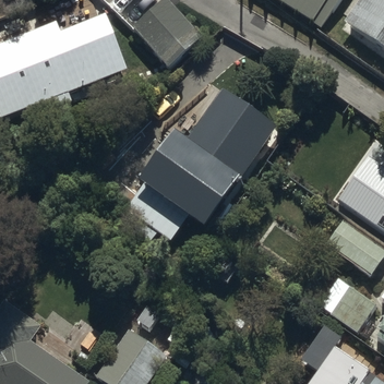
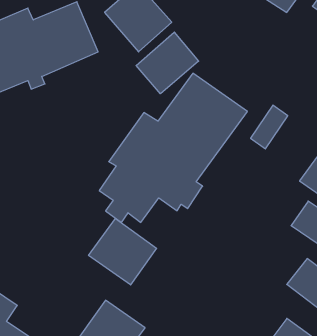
building: none -> [136,32,199,94]
building: none -> [89,219,157,285]

